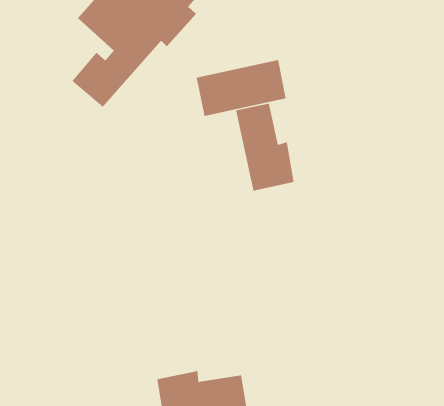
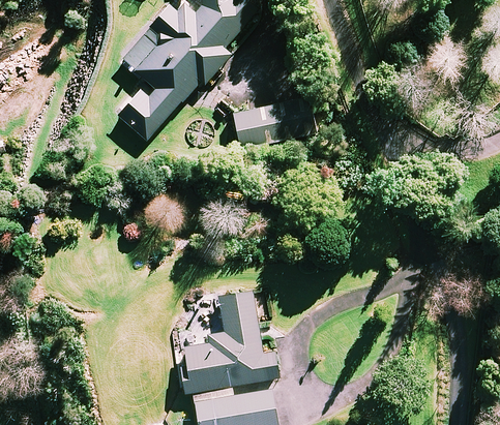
building: [236,103,294,191] -> none
building: none -> [182,291,281,394]

